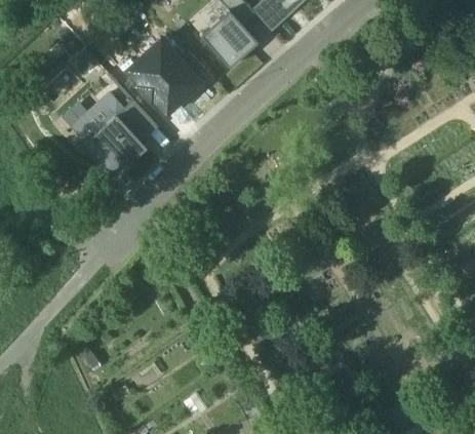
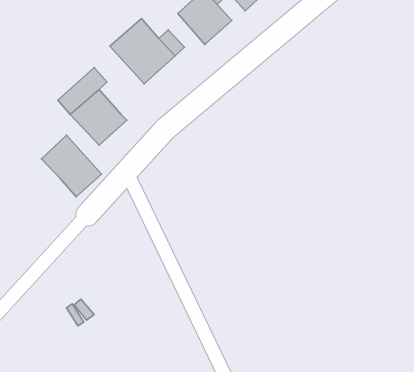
building: [116,98,157,142] -> none
building: none -> [41,135,101,197]

